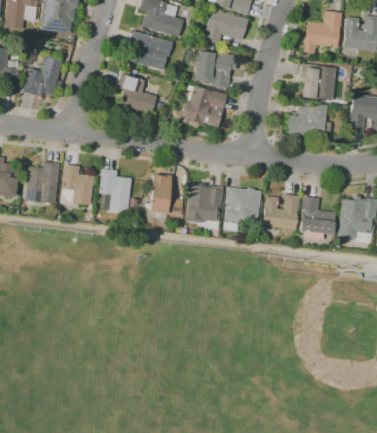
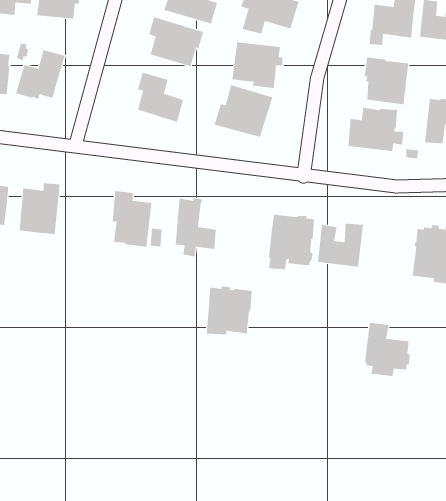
building: [62,164,94,205] -> none
building: [186,183,223,222] -> [206,286,252,335]
building: [300,196,337,239] -> [364,322,411,376]

